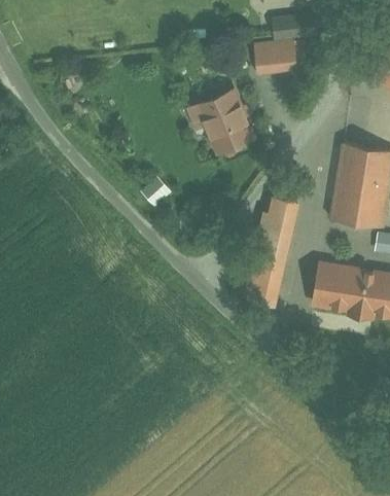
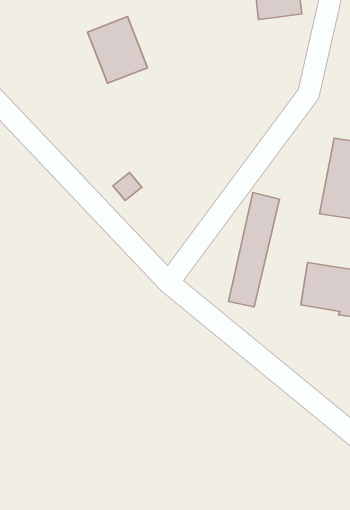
building: [252,37,295,73] -> none
building: [197,92,252,153] -> [88,17,148,83]

